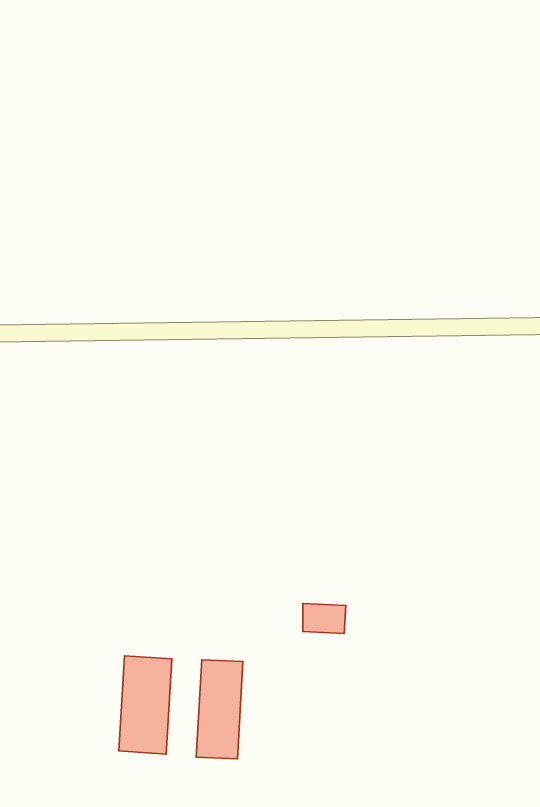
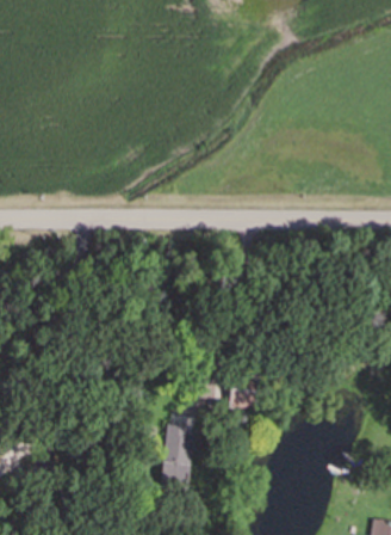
building: [119,656,172,754] -> none

